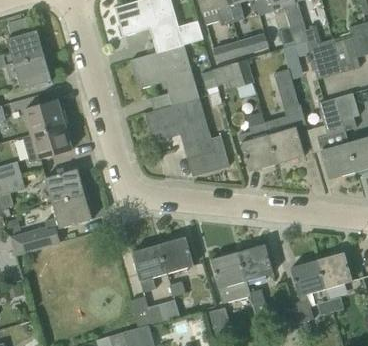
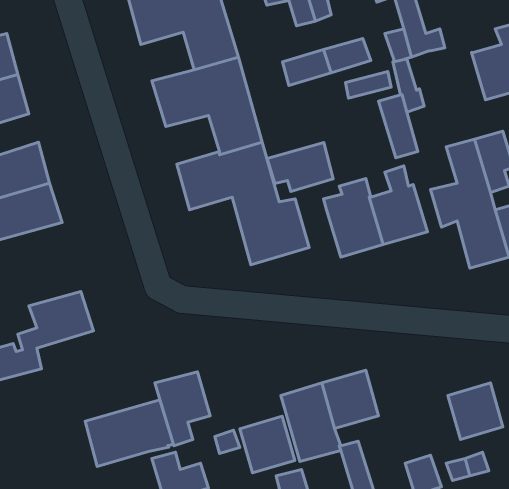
building: [306,39,341,79] -> none
building: [211,59,253,90] -> [267,143,333,191]
building: [44,169,84,203] -> none
building: [158,237,193,273] -> [240,416,295,473]
building: [290,260,325,296] -> none
building: none -> [85,400,173,467]

